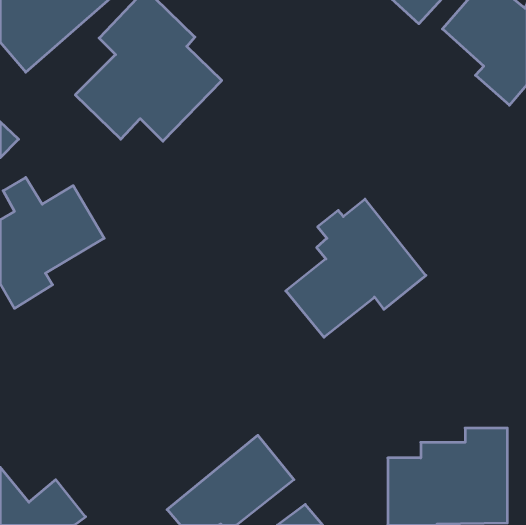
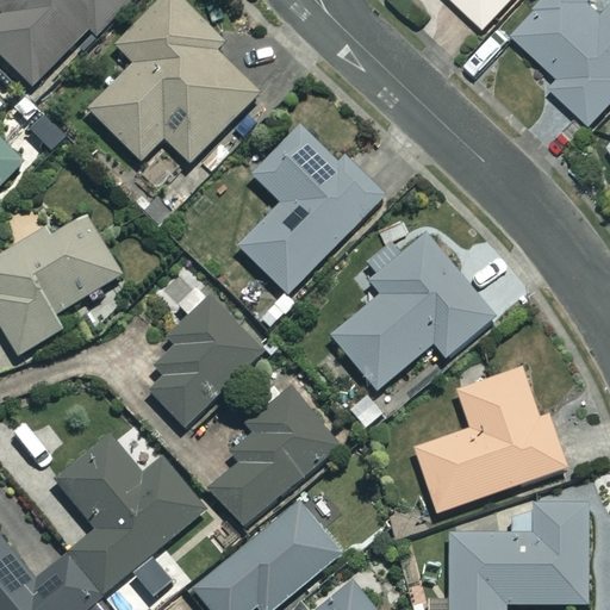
building: none -> [236,125,378,294]
building: none -> [149,297,264,429]
building: none -> [415,369,565,512]
building: none -> [210,386,341,525]
building: none -> [56,436,205,589]

